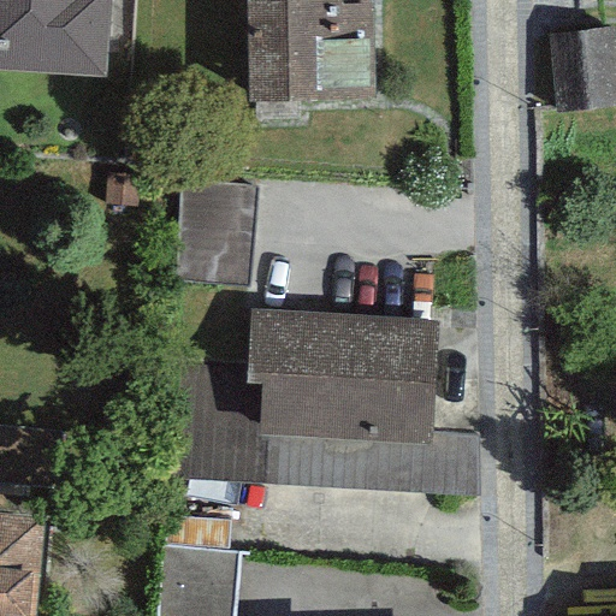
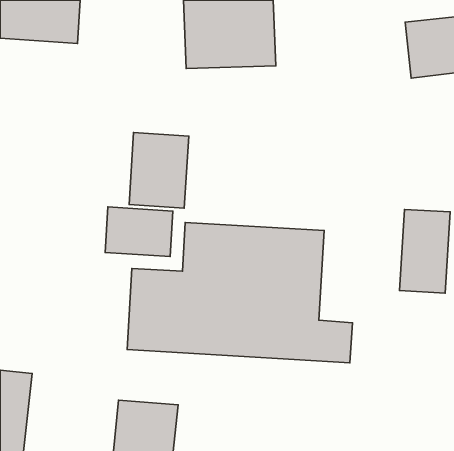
building: none -> [105,207,173,256]
building: none -> [399,209,450,293]

